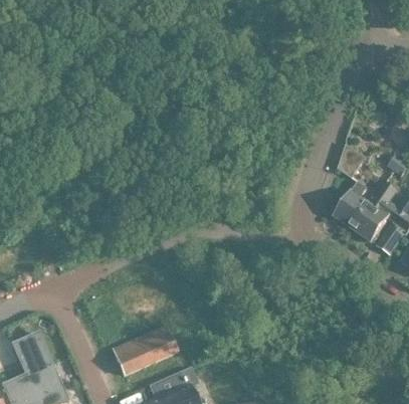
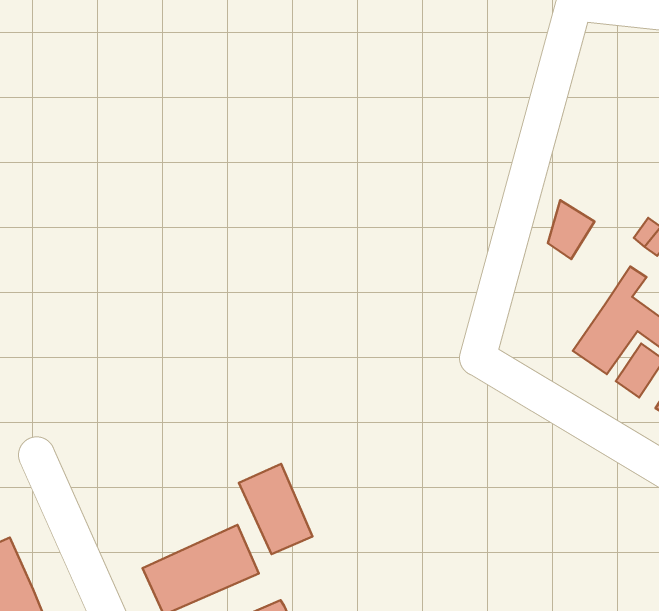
building: [334,180,371,227] -> none
building: none -> [239,464,313,554]

